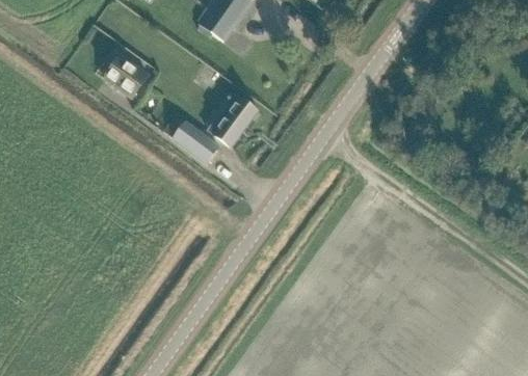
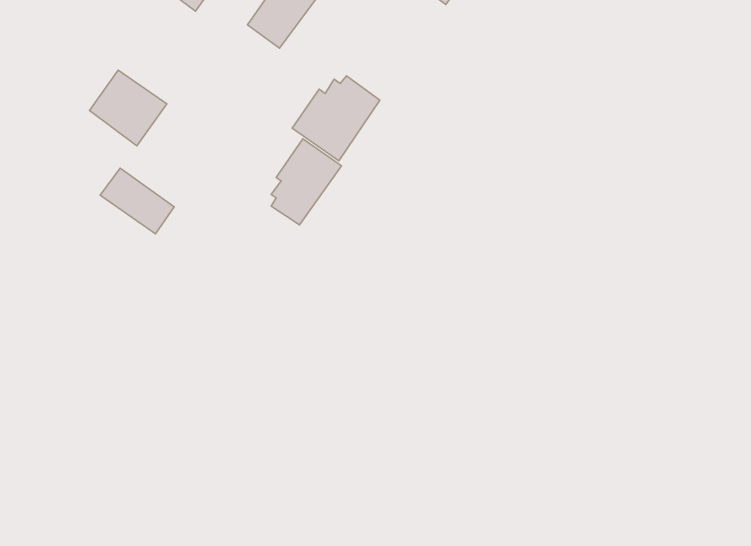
building: none -> [292,76,380,161]
building: [175,119,220,160] -> [100,168,174,234]

